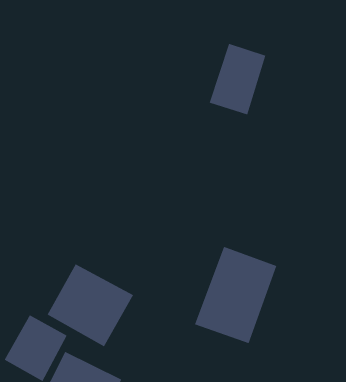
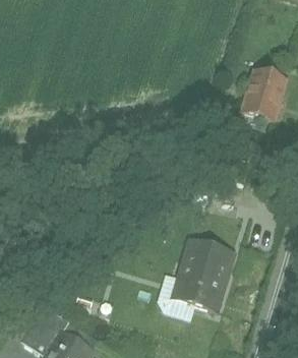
building: [209,43,266,115] -> [238,58,286,118]
building: [47,263,134,347] -> none

